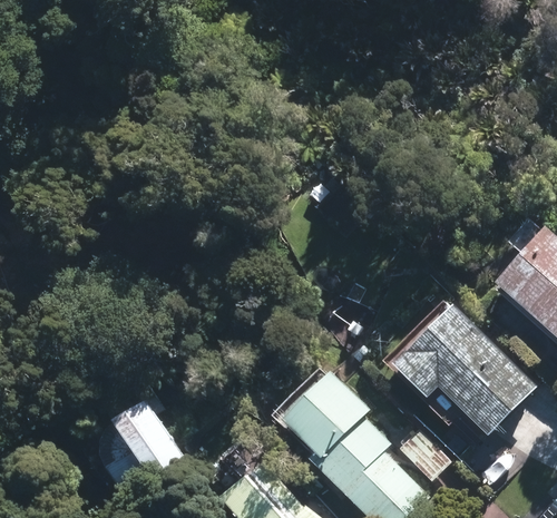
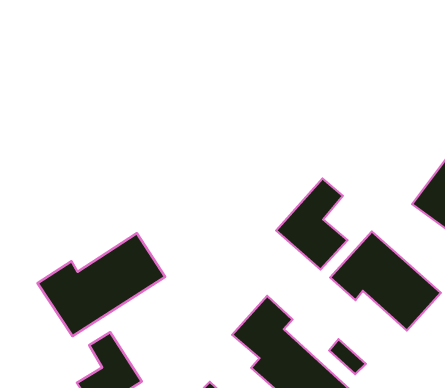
building: none -> [276,178,347,270]
building: none -> [38,233,165,336]

